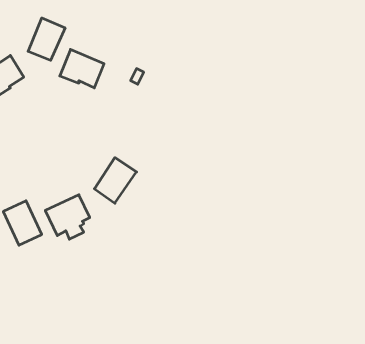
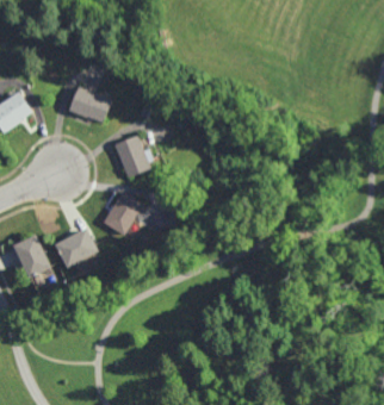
building: [28,18,65,60] -> none
building: none -> [114,136,154,179]

